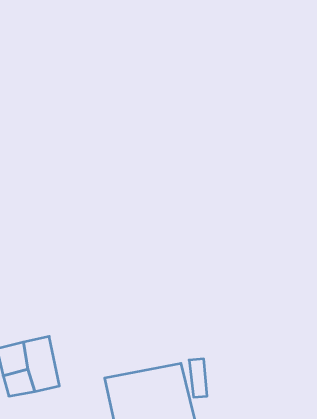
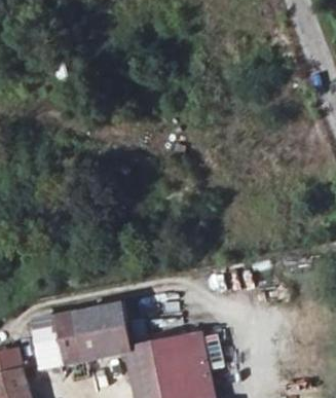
building: none -> [78,304,128,357]

